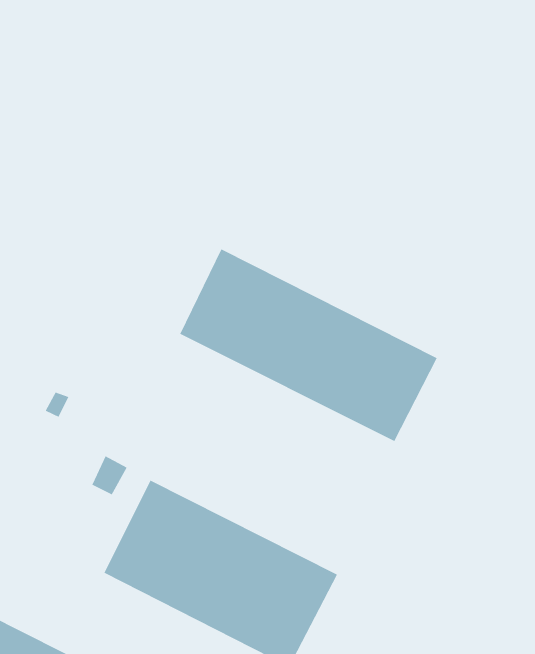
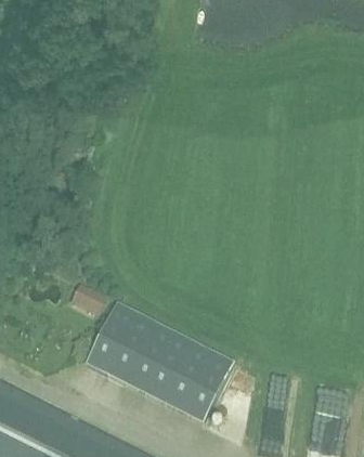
building: [180,249,437,442] -> none

